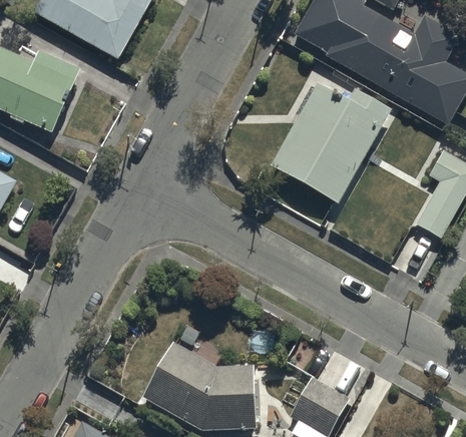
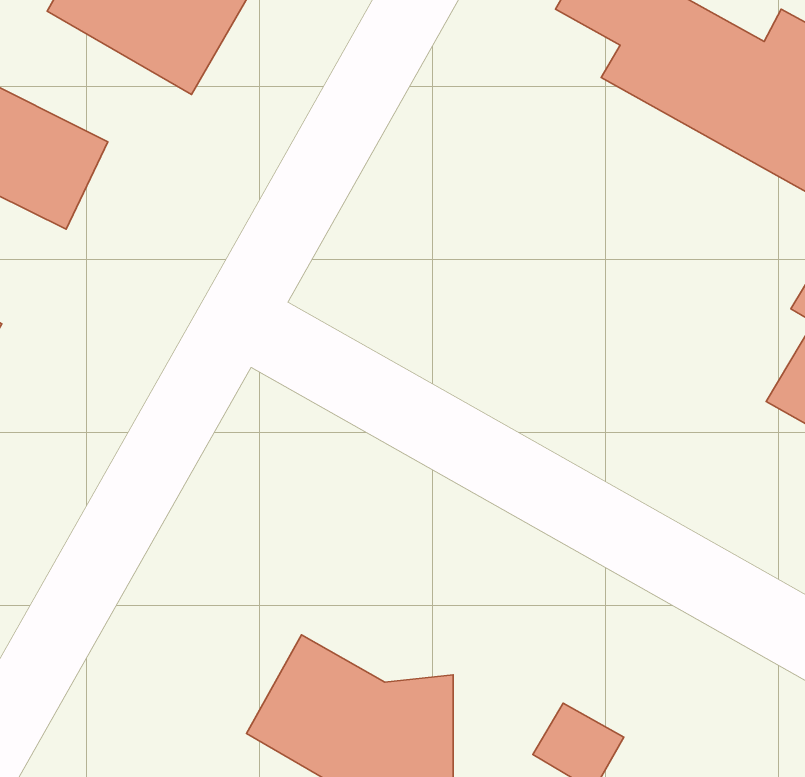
building: [273,88,388,204] -> none

